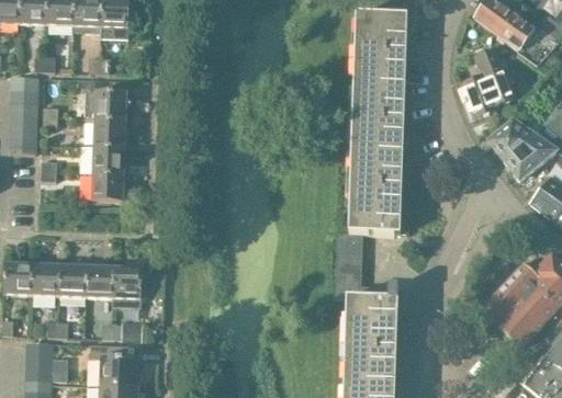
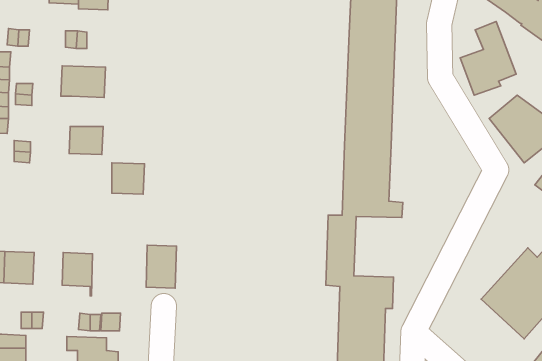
building: [94,118,126,147] -> none
building: [93,172,124,202] -> [112,163,144,194]
building: [59,265,88,296] -> none
building: [114,266,143,307] -> [146,245,176,288]

